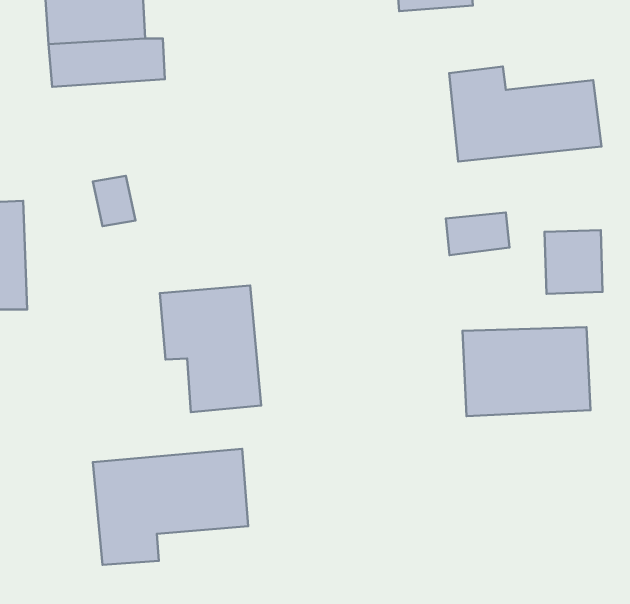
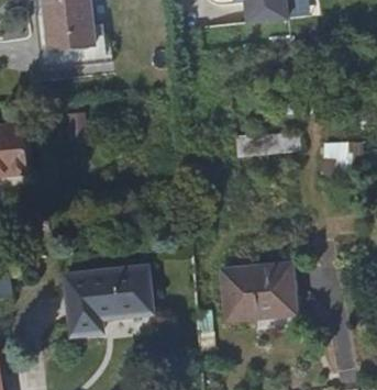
building: [449,67,601,161] -> none
building: [160,286,261,412] -> none
building: [463,327,590,416] -> [231,269,303,320]

